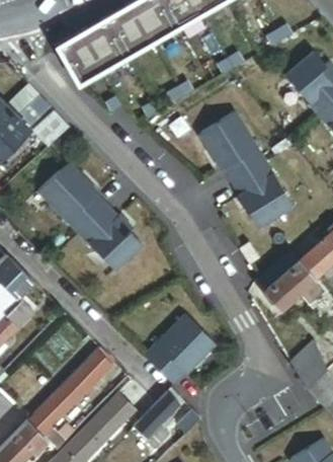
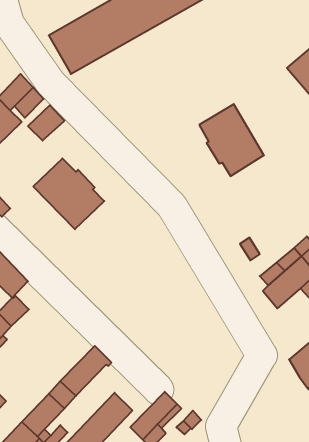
building: [232,161,292,227] -> none
building: [81,206,144,270] -> none
building: [145,314,215,384] -> none

